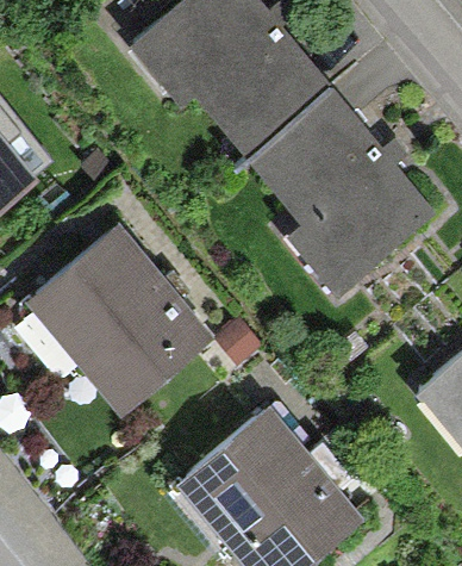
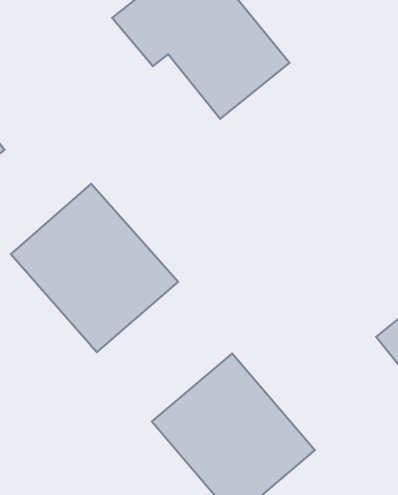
building: [257,89,430,282] -> none

